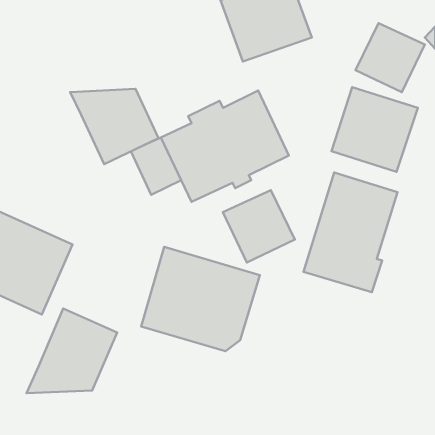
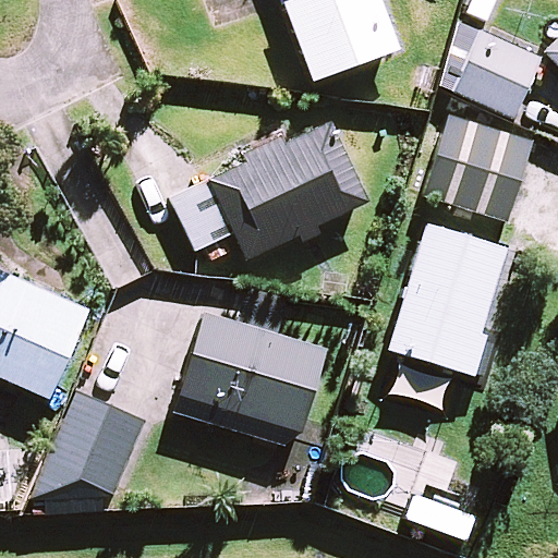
building: [70,89,158,164] -> none
building: [223,190,295,262] -> none

